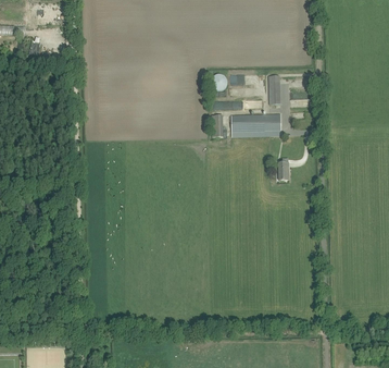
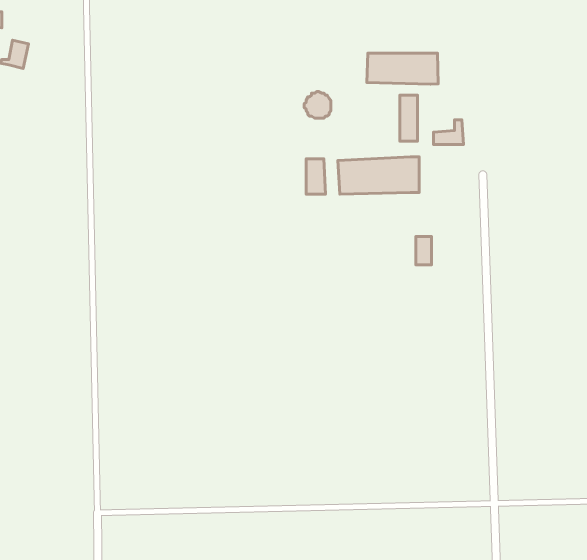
building: none -> [367,53,438,84]

